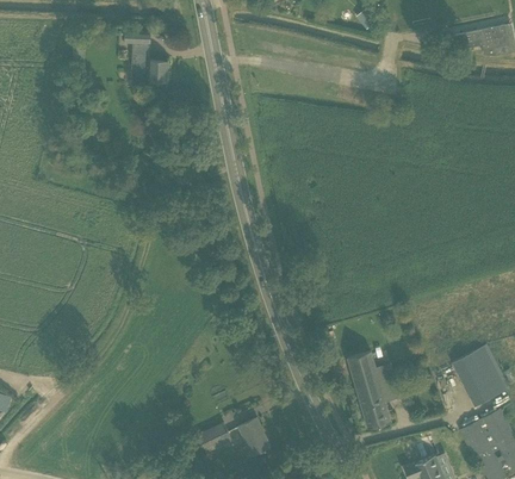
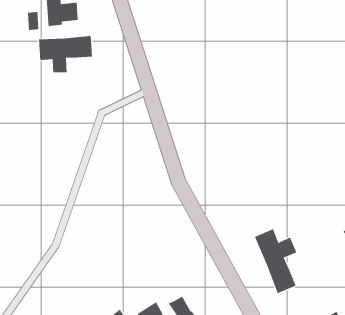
building: none -> [38,35,93,73]

